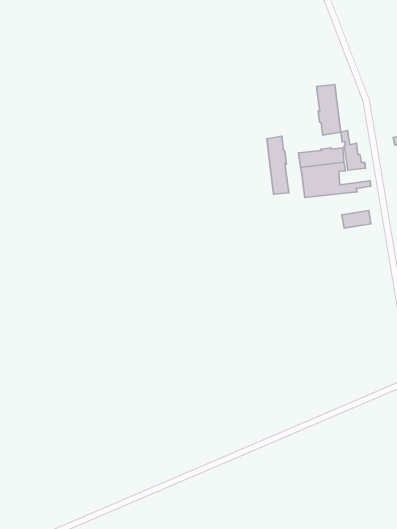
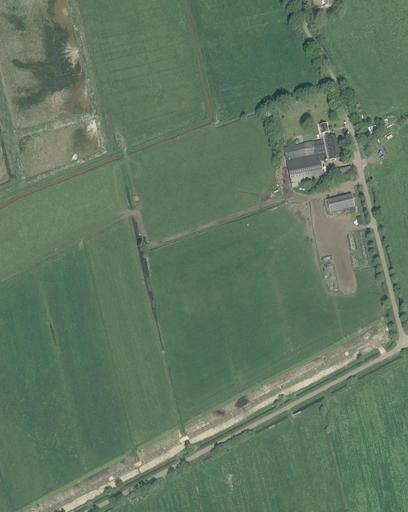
building: [316,85,341,135] -> none
building: [267,136,289,194] -> none

